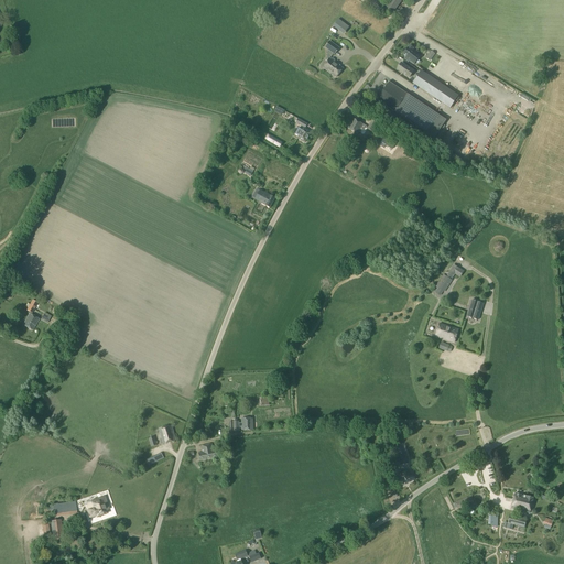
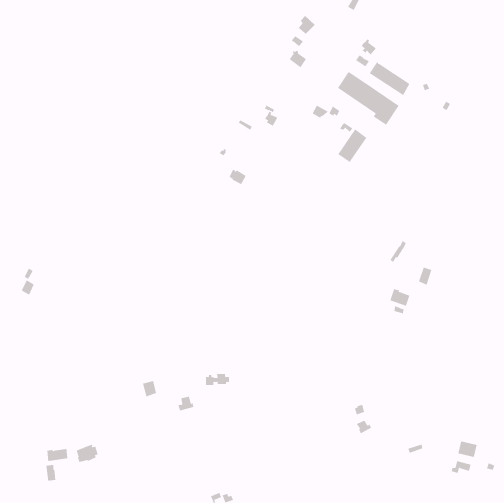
building: none -> [337,128,367,163]

